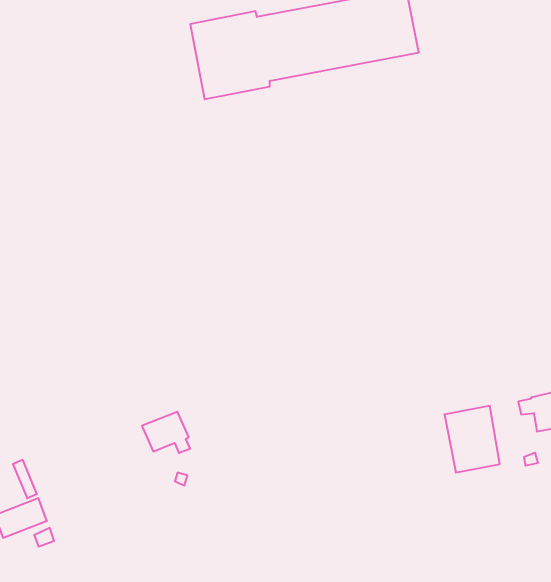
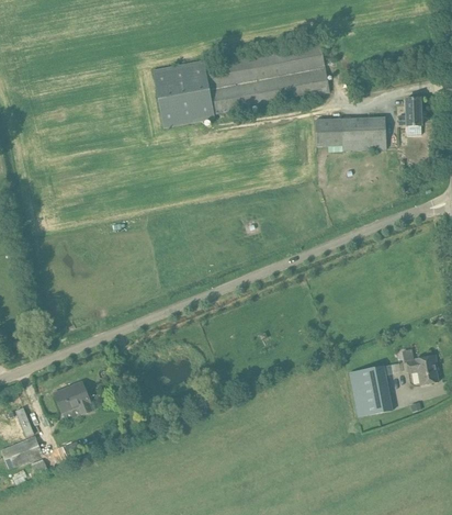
building: none -> [398,97,421,125]
building: none -> [315,116,386,149]
building: [142,412,190,453] -> [54,381,91,413]

